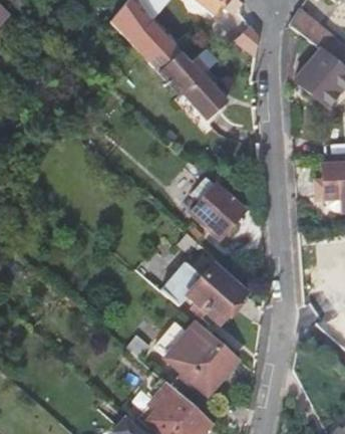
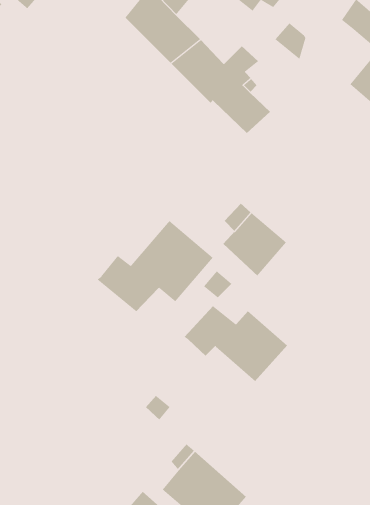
building: none -> [97,220,214,312]
building: [165,320,240,394] -> none

